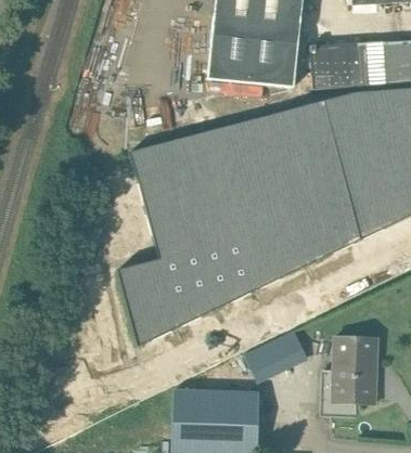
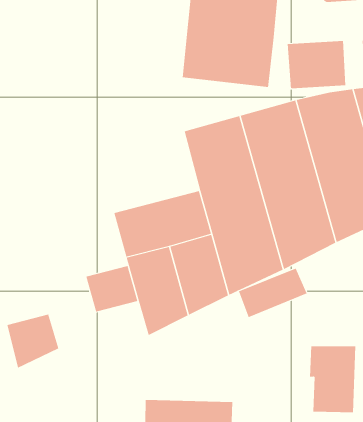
building: [128,130,227,209] -> none
building: [126,295,177,348] -> [6,314,59,368]
building: [242,328,309,377] -> [238,268,307,318]

